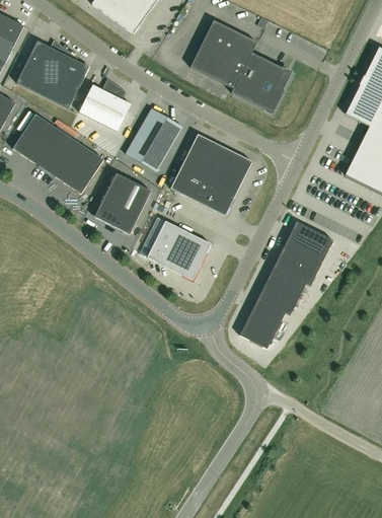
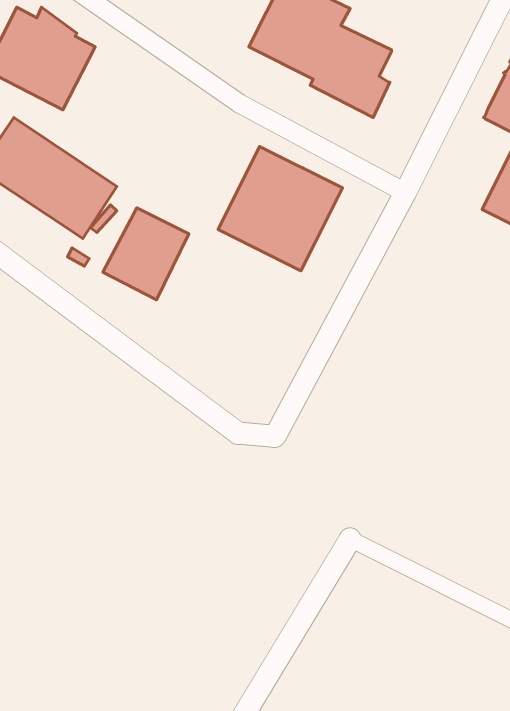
building: [79,79,131,131] -> none
building: [126,108,182,171] -> none
building: [144,214,208,274] -> none
building: [239,221,332,349] -> none

